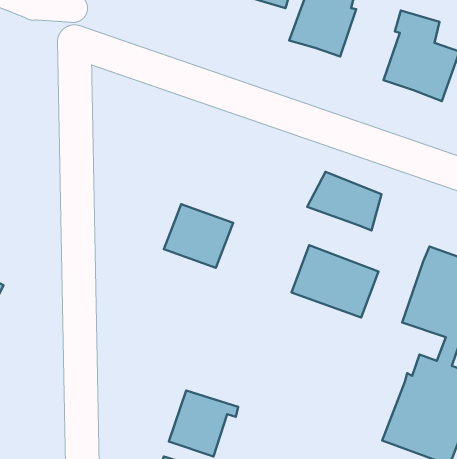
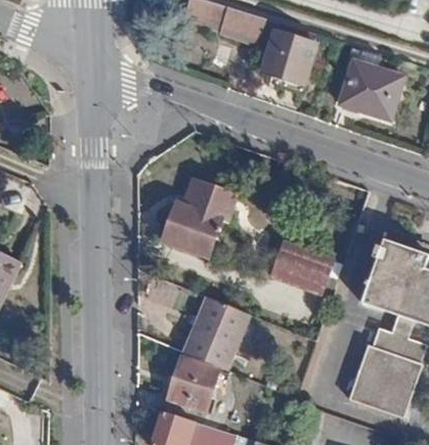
building: [307,172,382,230] -> [176,176,238,224]
building: none -> [185,299,247,369]

